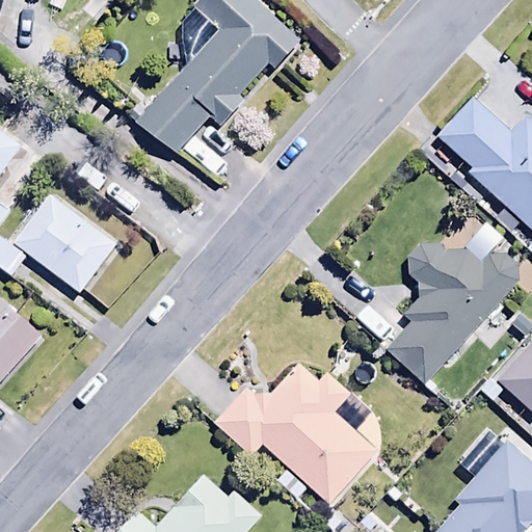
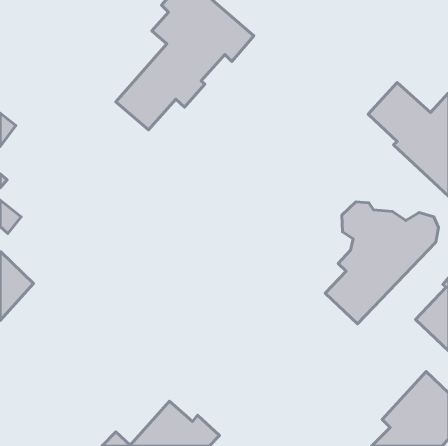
building: [14,193,117,294] -> none
building: [213,361,376,504] -> none

